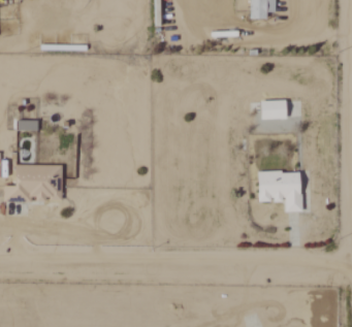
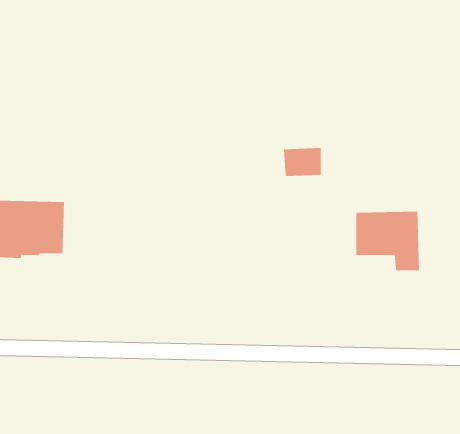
building: [261,100,287,120] -> [283,148,322,177]

